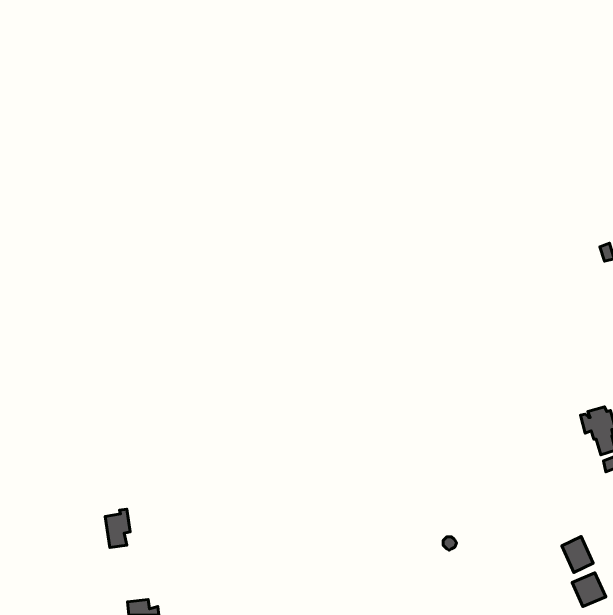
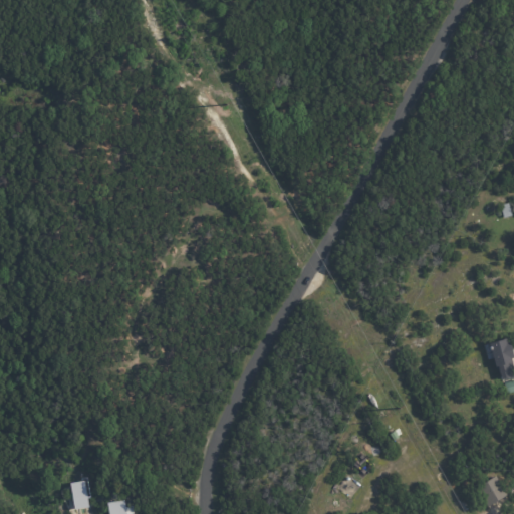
building: [105,509,130,548] -> [71,477,92,509]
building: [562,537,593,573] -> none

